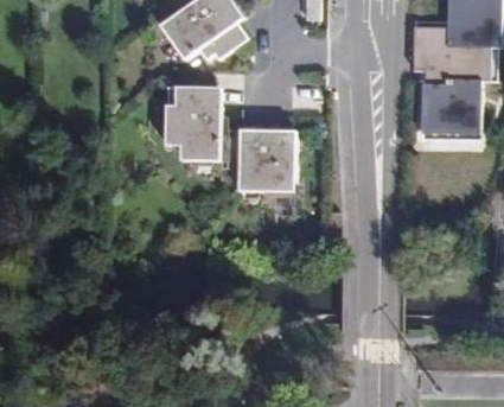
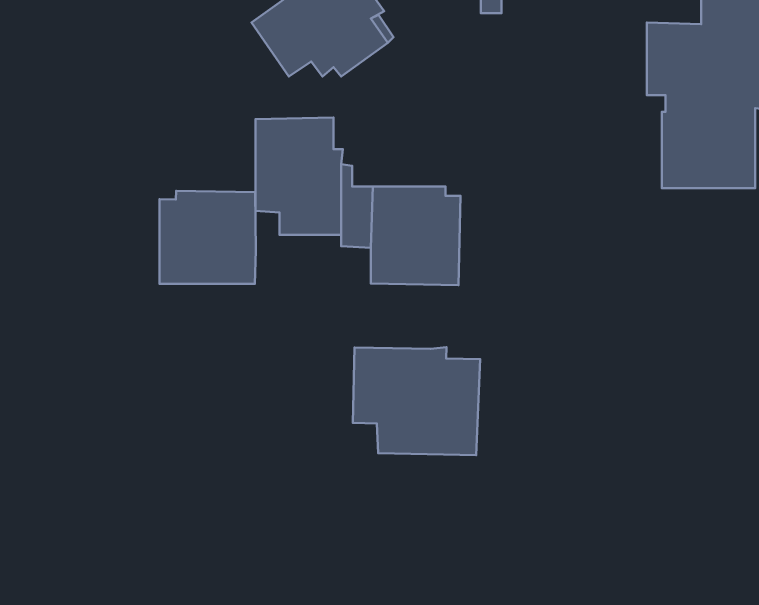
building: none -> [160,191,256,284]
building: none -> [353,347,480,455]

